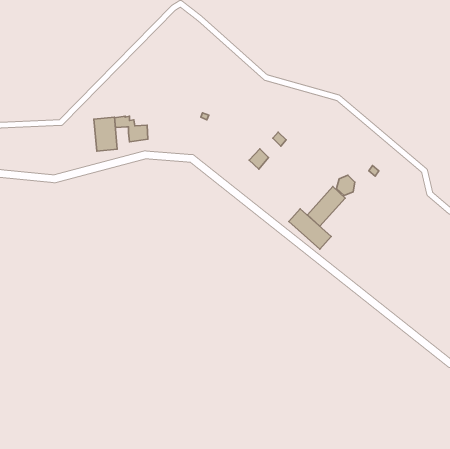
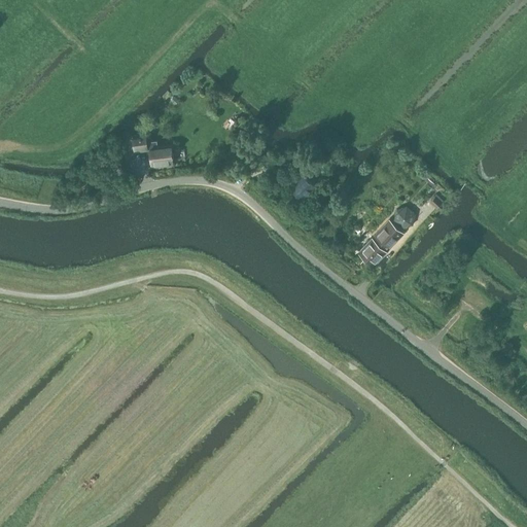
building: [94,117,117,151] -> none
building: [289,209,331,249] -> none

